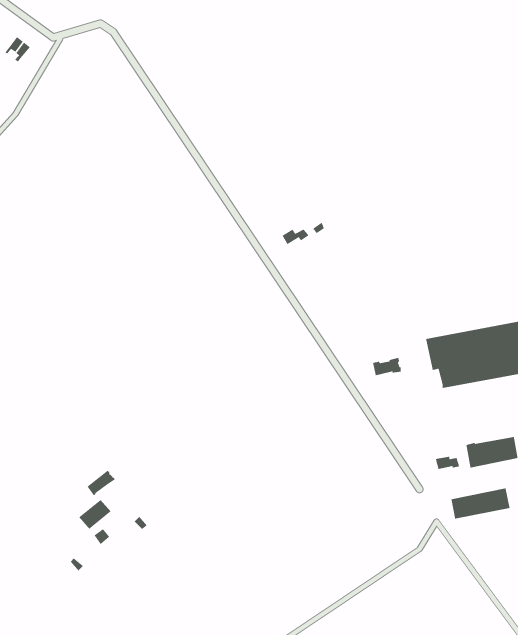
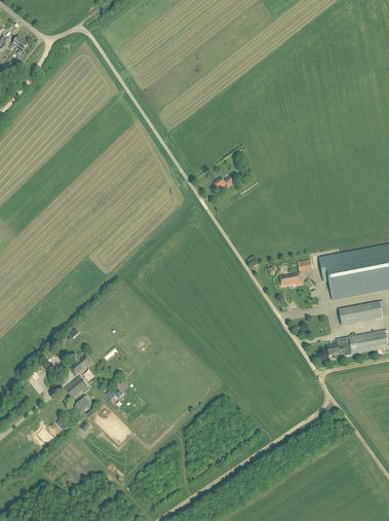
building: [450,488,510,520] -> [339,301,383,325]

